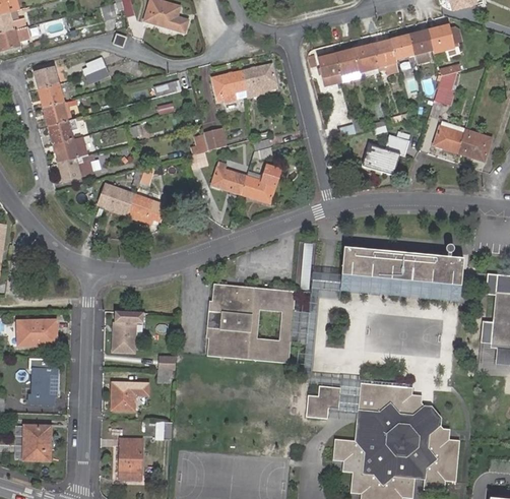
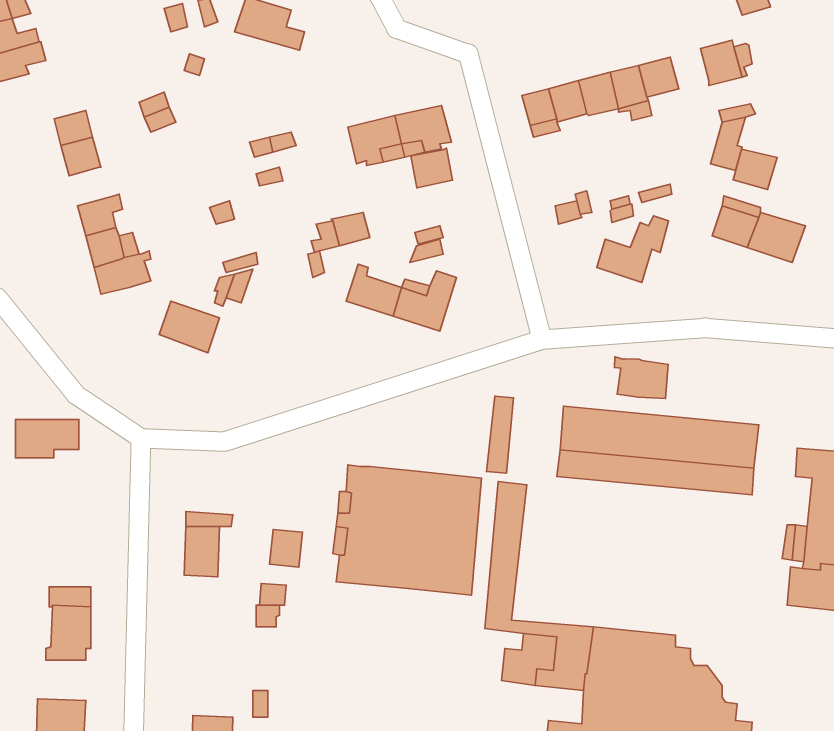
building: [409,30,433,64] -> none
building: none -> [411,148,452,188]
building: none -> [733,149,777,190]
building: [44,103,71,126] -> none
building: [128,194,165,224] -> none
building: none -> [614,357,668,399]
building: [312,271,342,291] -> none
building: [17,321,56,345] -> [15,419,79,458]
building: none -> [270,529,302,567]
building: [113,382,147,409] -> none

